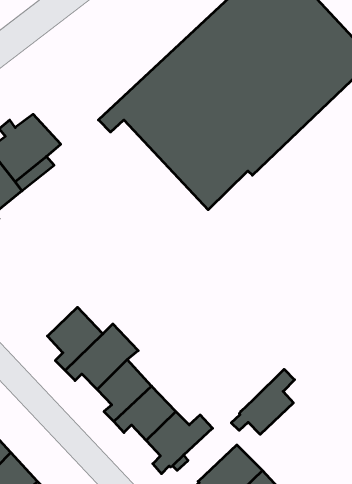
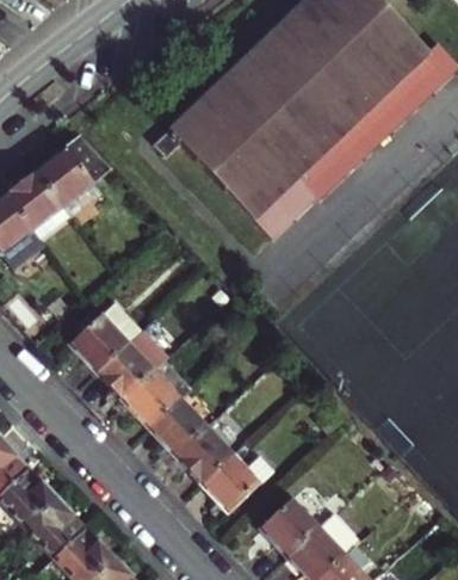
building: none -> [63,302,142,372]
building: [231,369,295,434] -> none

